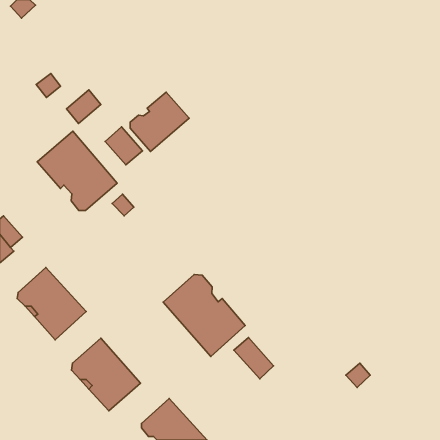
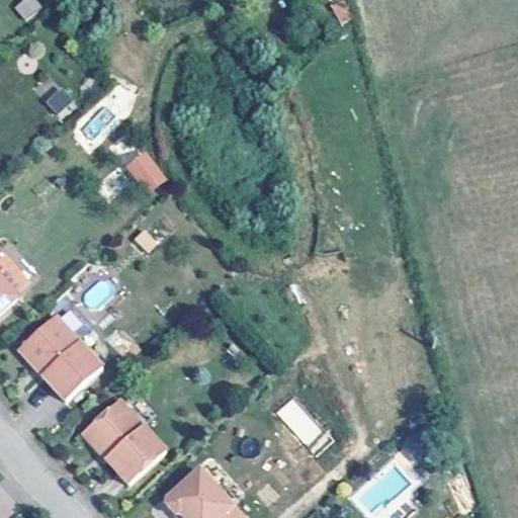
building: [130,92,189,152] -> none
building: [37,131,117,211] -> none
building: [163,275,245,356] -> none

